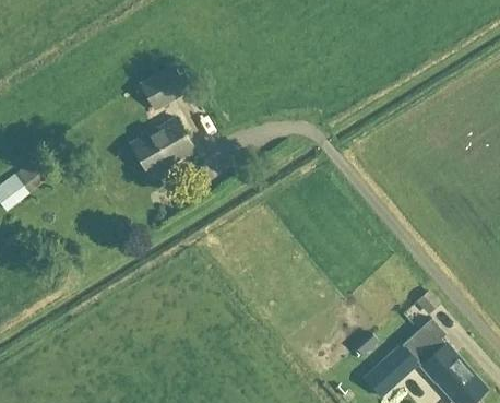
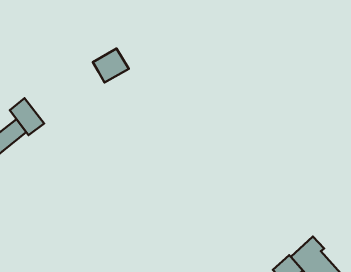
building: [130,119,192,176] -> none
building: none -> [10,98,44,135]

